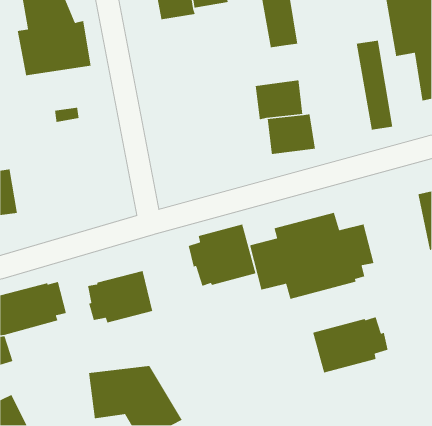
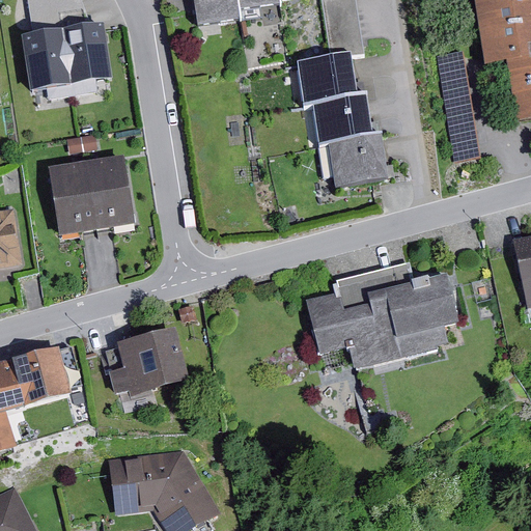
building: none -> [299,56,357,106]
building: none -> [48,156,135,236]
building: [188,224,257,287] -> none
building: [312,316,389,374] -> none

